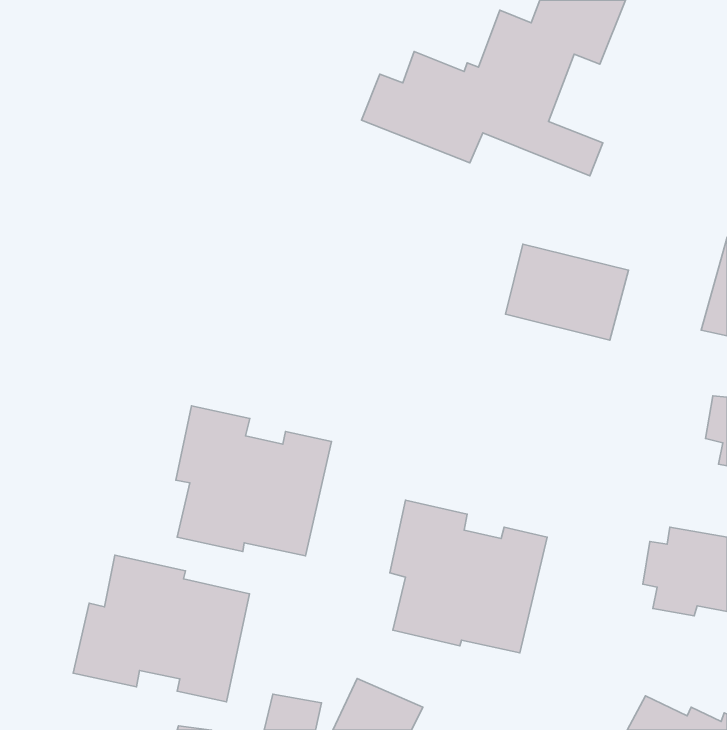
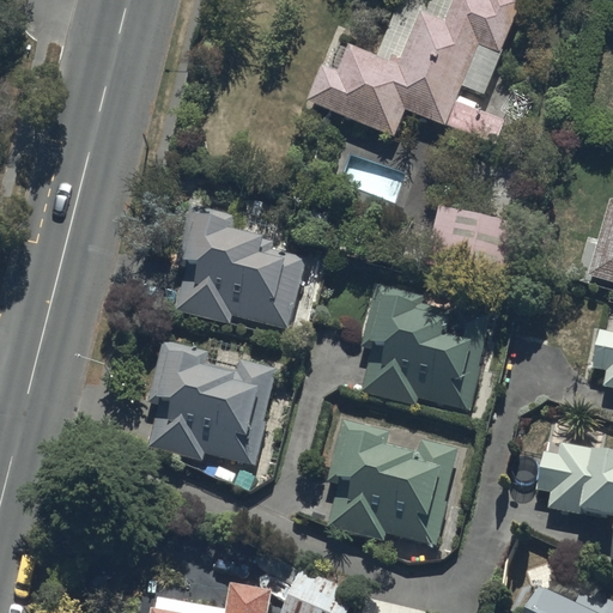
building: none -> [175,204,308,332]
building: none -> [359,286,494,412]
building: [73,555,249,702] -> none

